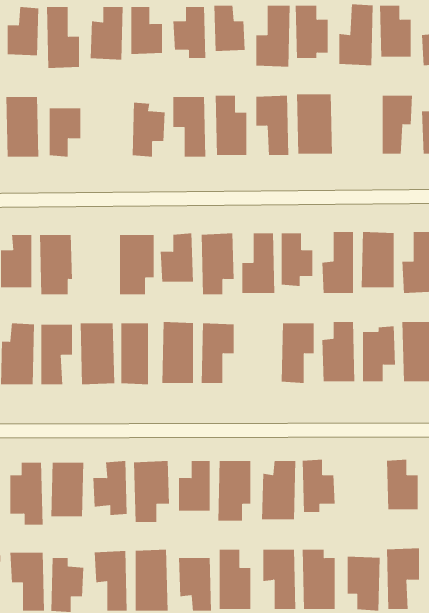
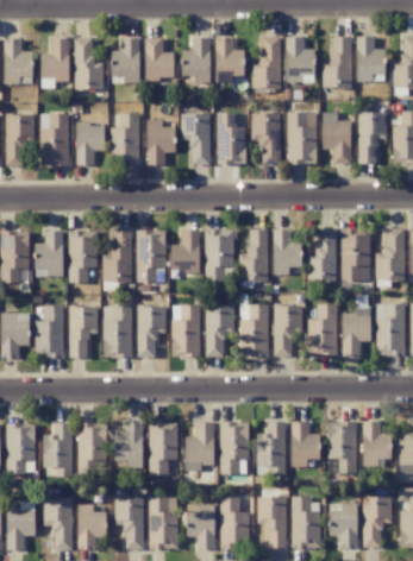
building: none -> [111,113,138,164]
building: none -> [321,114,350,164]
building: none -> [102,229,131,283]
building: none -> [239,304,268,357]
building: none -> [327,422,355,460]

